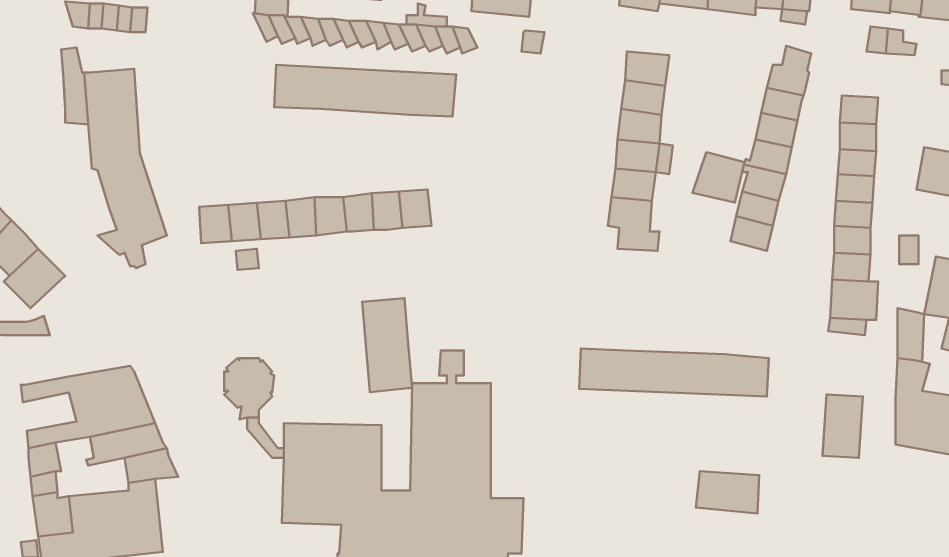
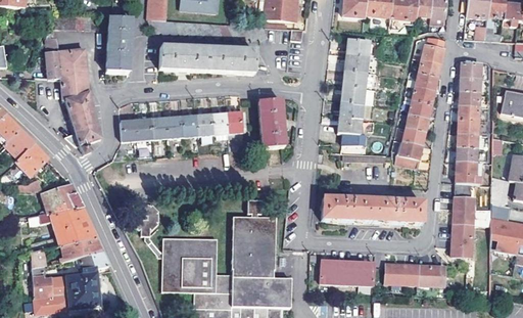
building: none -> [105,16,131,73]
building: [693,153,744,203] -> [394,140,422,167]
building: [362,298,412,392] -> [258,98,285,148]
building: none -> [43,183,83,213]
building: none -> [454,195,474,223]
building: none -> [320,260,375,285]
building: none -> [417,265,444,286]

